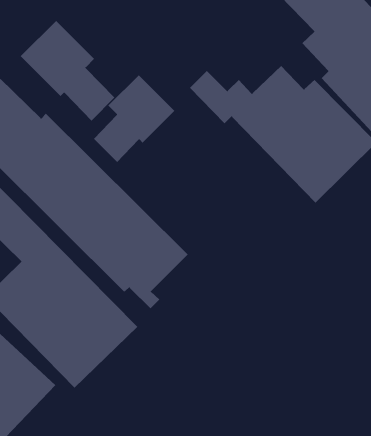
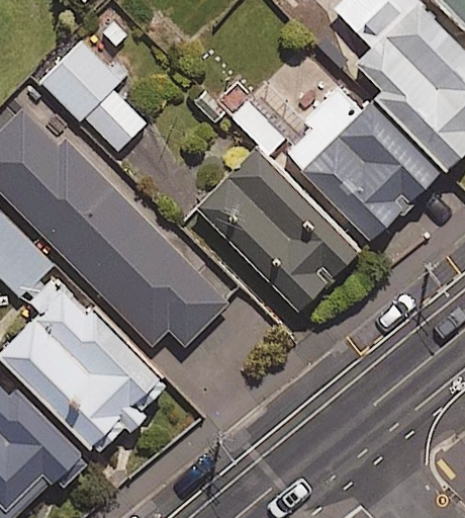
building: [93,74,175,163] -> none
building: none -> [197,151,359,314]

